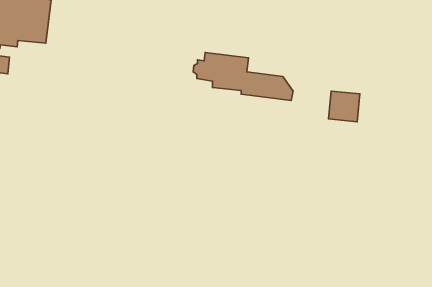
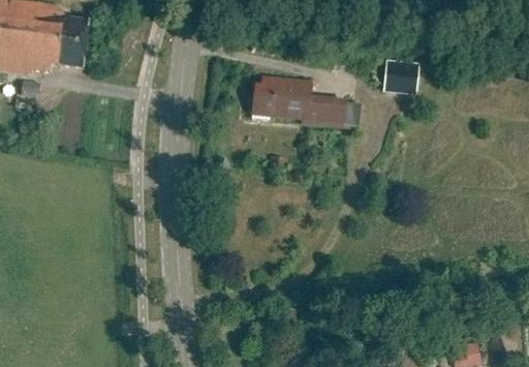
building: [328,91,360,122] -> [381,58,416,92]

